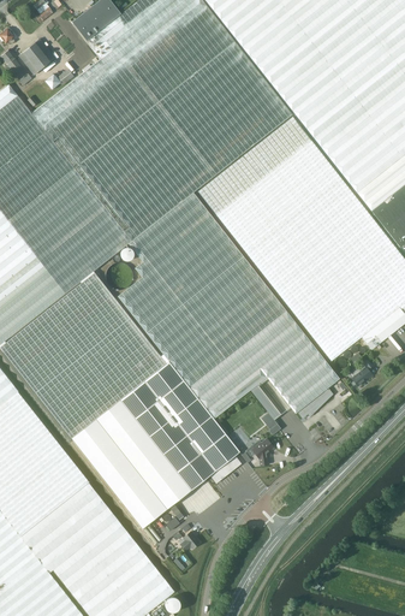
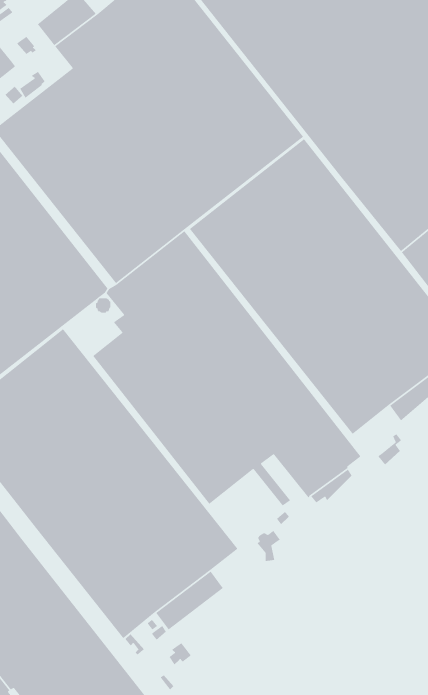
building: [107,263,132,290] -> none

